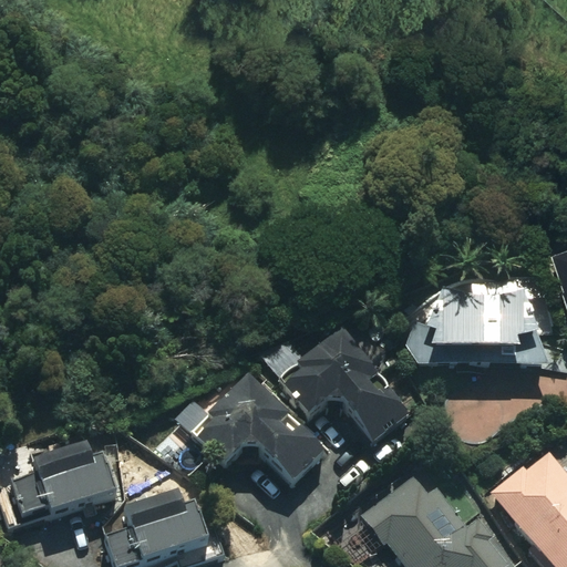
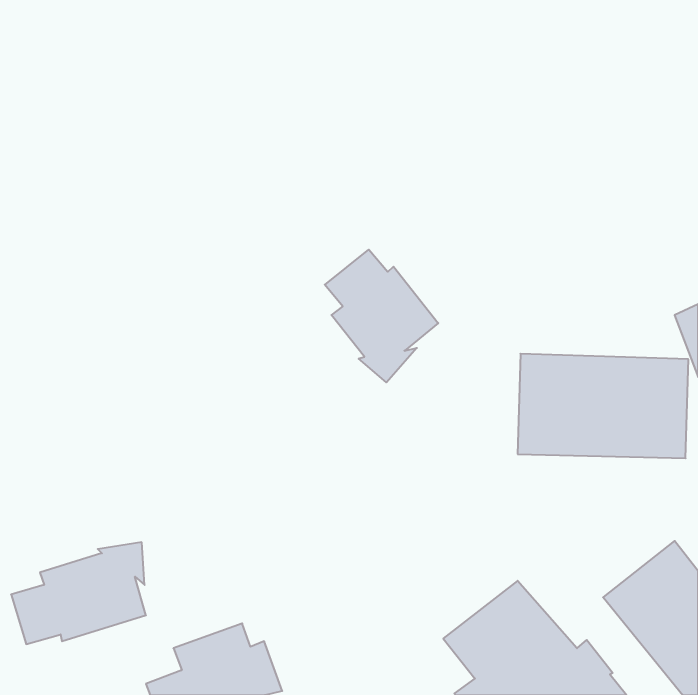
building: none -> [325,250,438,382]
building: [281,329,409,443] -> none
building: [197,374,326,486] -> none

